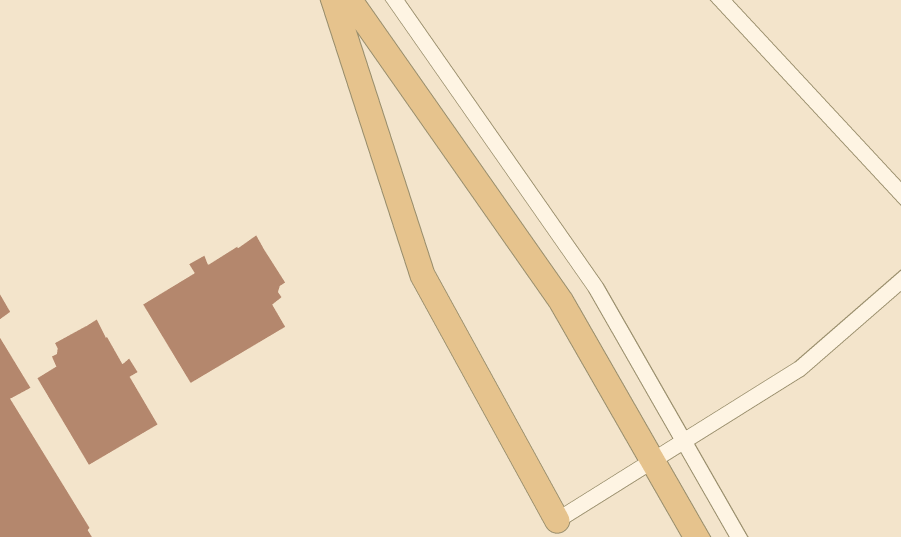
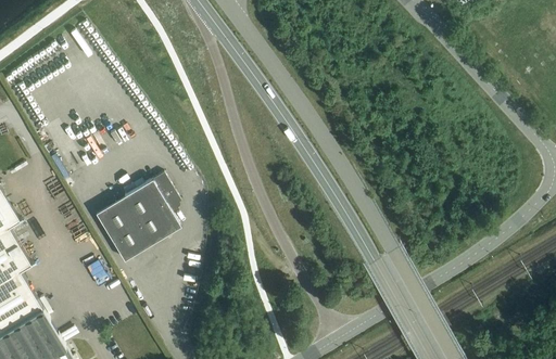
building: [37,319,158,466] -> none

